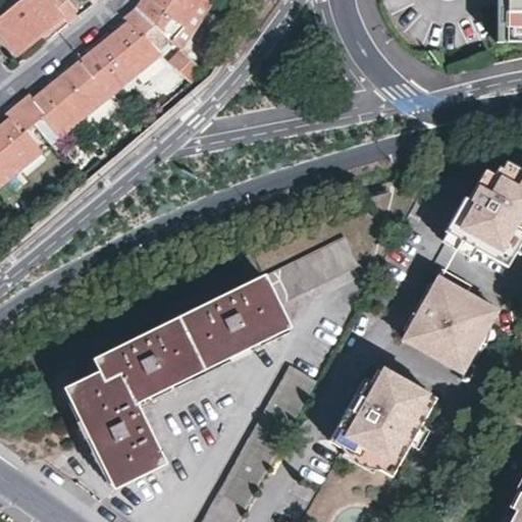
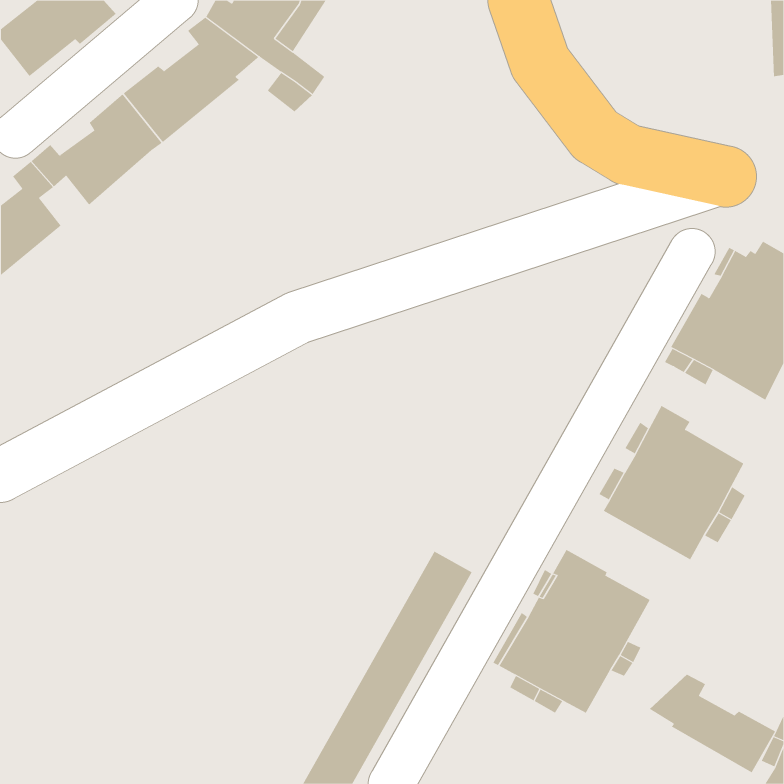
building: [67,237,357,484] -> none
building: none -> [649,674,776,773]

